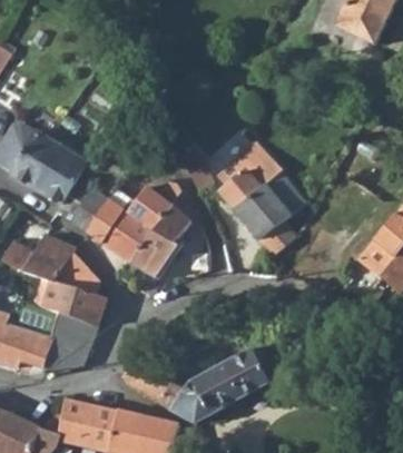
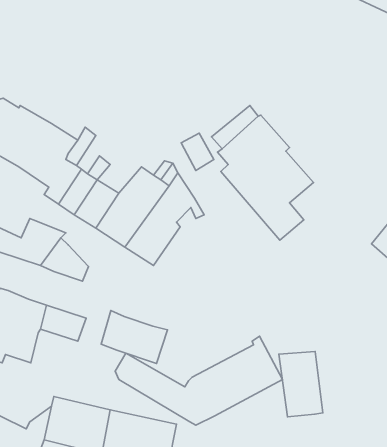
building: [45,278,106,327] -> [101,310,167,363]
building: [45,337,88,373] -> none
building: none -> [279,352,323,417]

